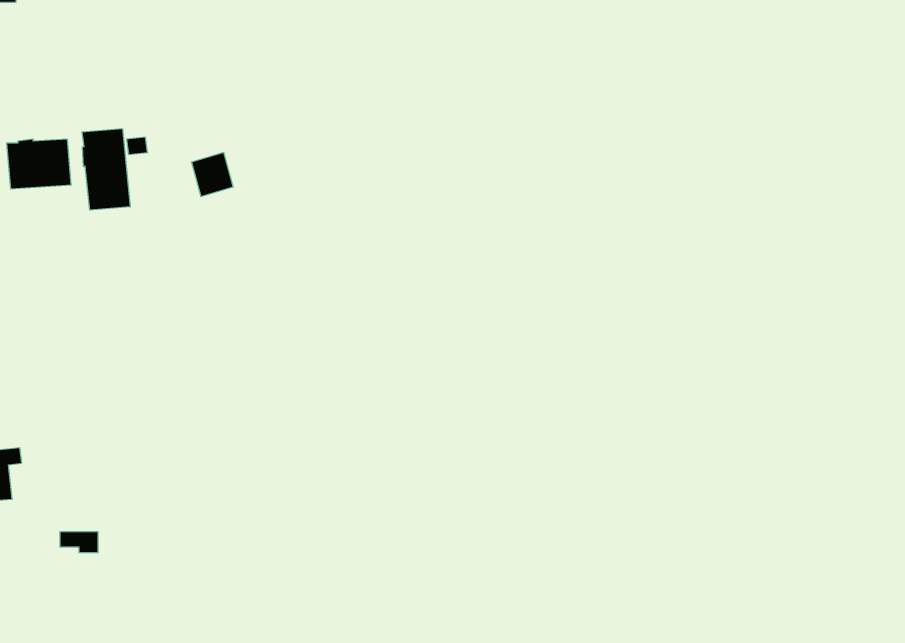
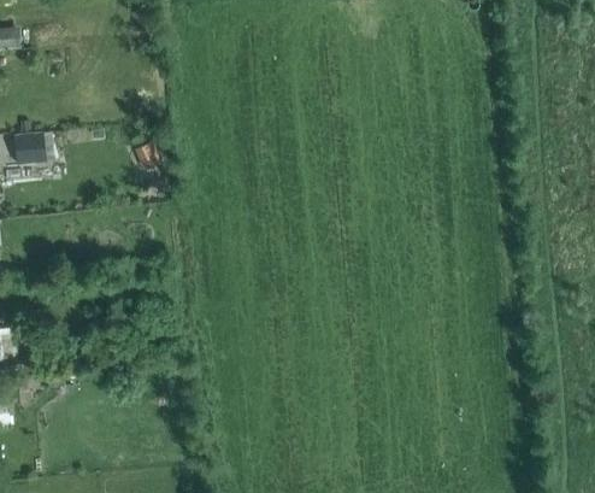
building: [82,129,130,210] -> none

